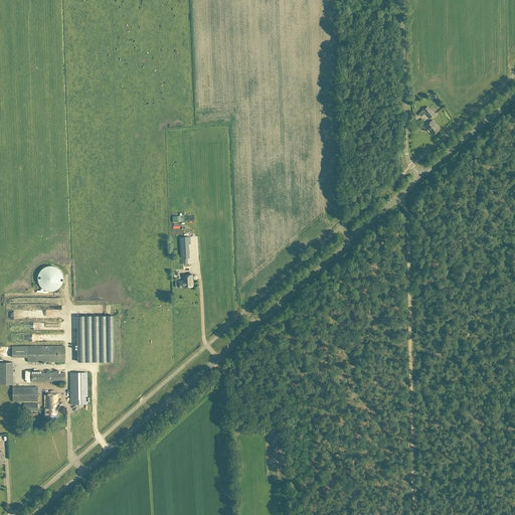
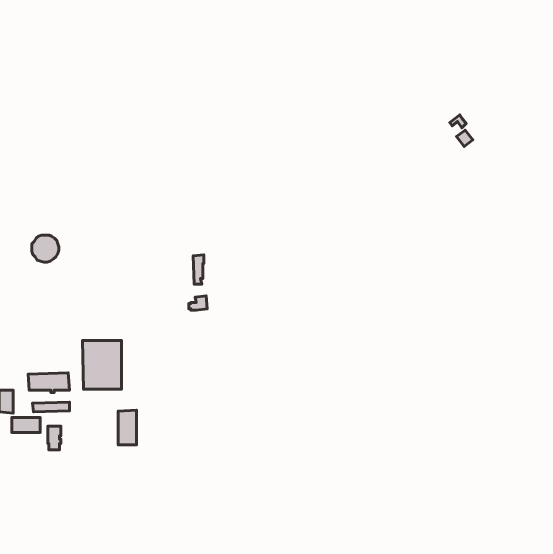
building: [37,267,62,292] -> [32,235,59,262]
building: [69,372,87,404] -> [118,410,137,445]

